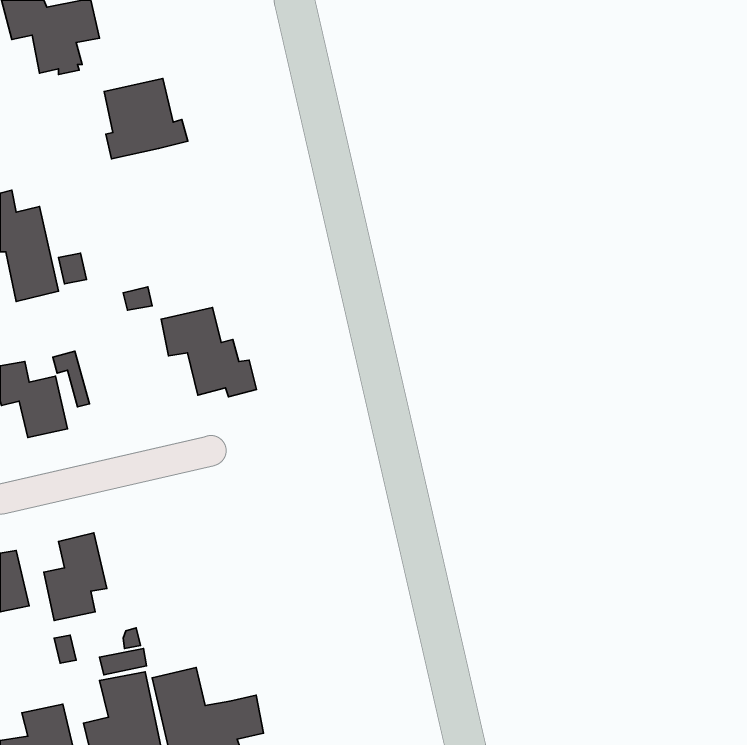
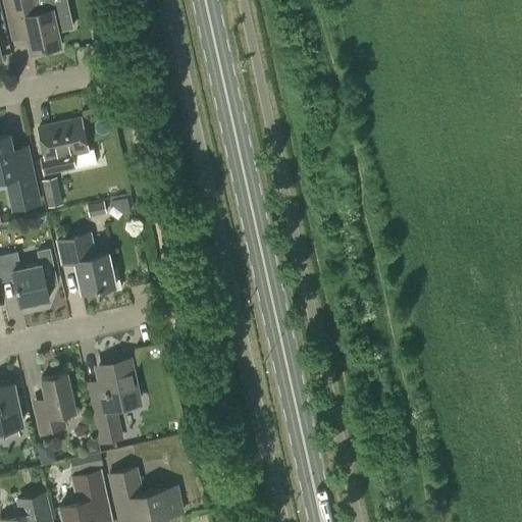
building: [104,78,188,159] -> [39,120,97,176]
building: [161,307,256,397] -> [56,232,122,295]
building: none -> [87,360,136,446]

